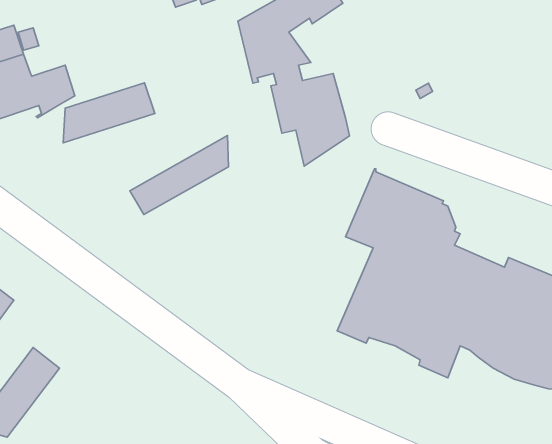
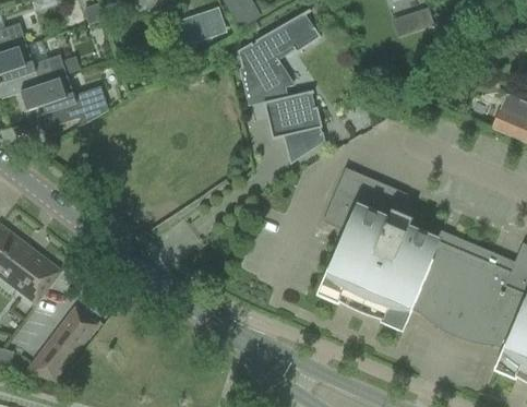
building: [63,83,155,143] -> none
building: [130,135,228,215] -> none

